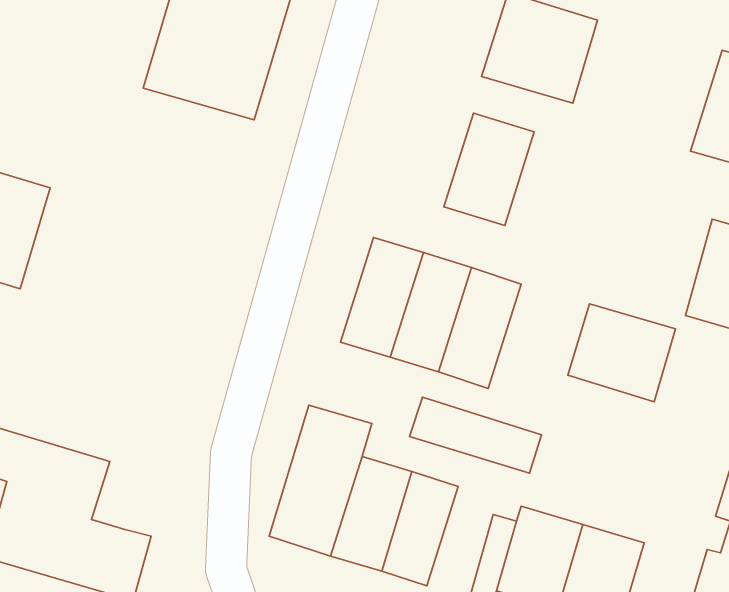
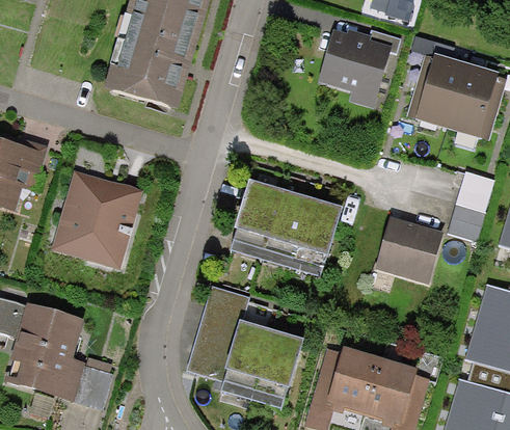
building: none -> [418,54,469,128]
building: [444,113,534,226] -> none
building: none -> [54,174,137,261]
building: [409,397,542,473] -> none

